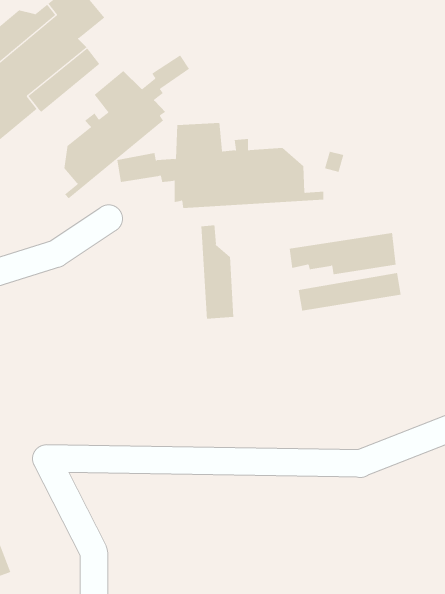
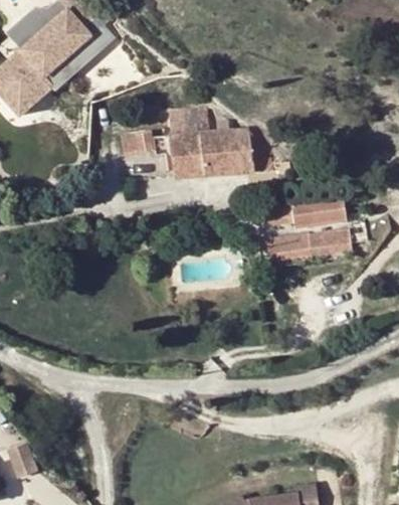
building: [64,54,190,199] -> none
building: [201,224,234,319] -> none

